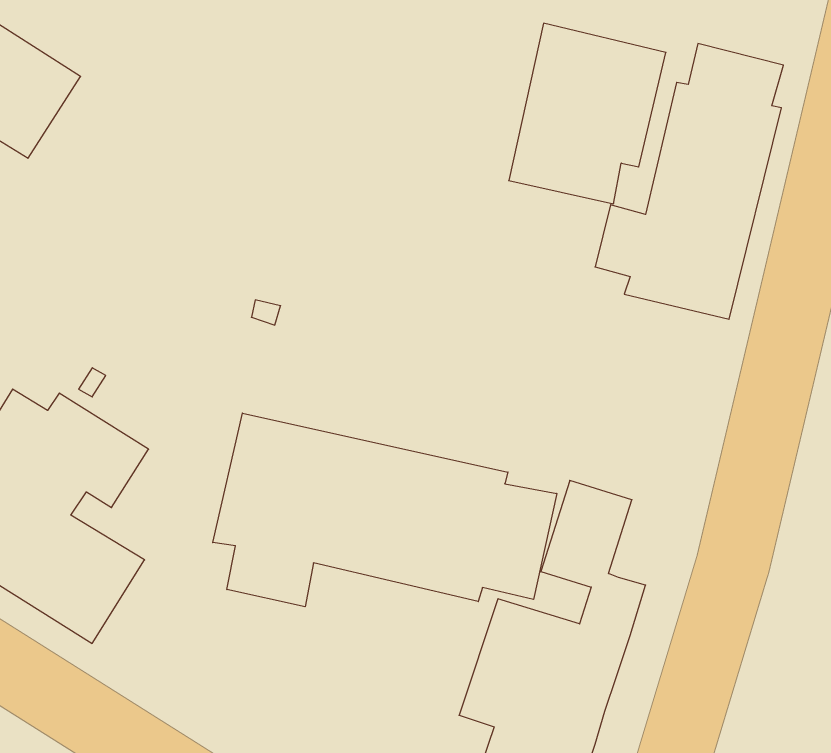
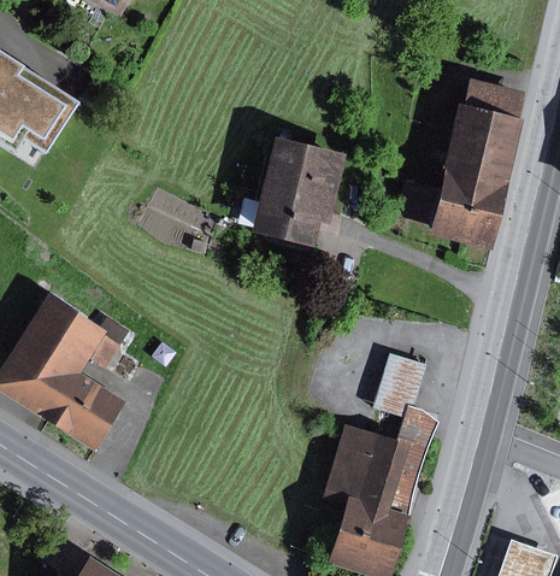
building: [509,23,666,204] -> [249,135,347,247]
building: [213,413,557,607] -> none

